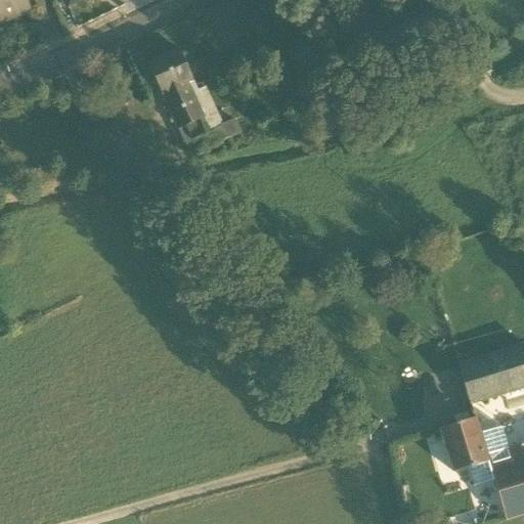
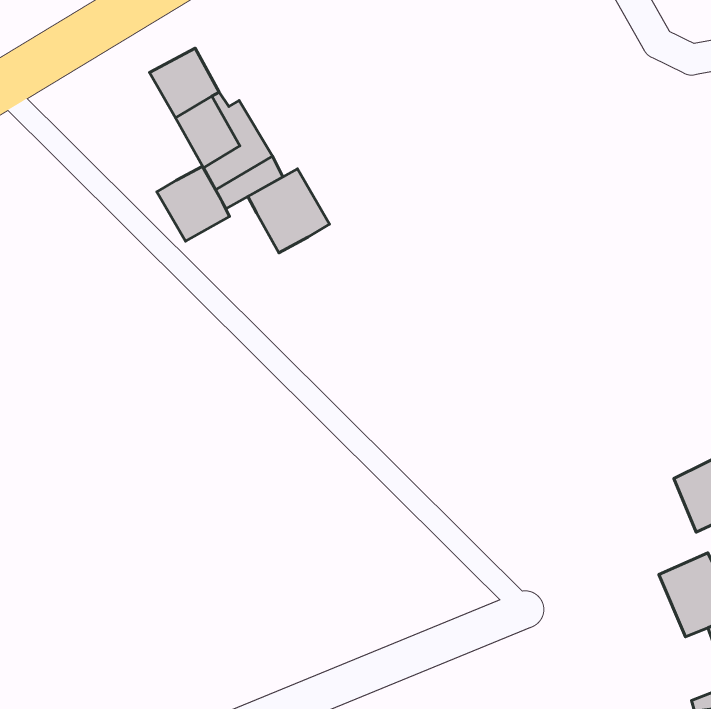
building: none -> [157,166,230,241]
building: none -> [248,169,330,253]

